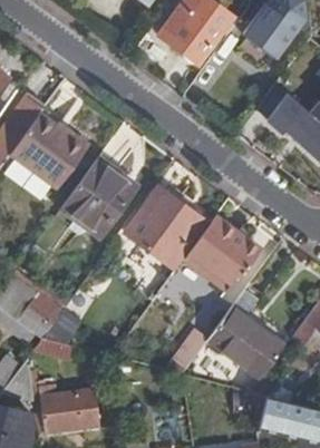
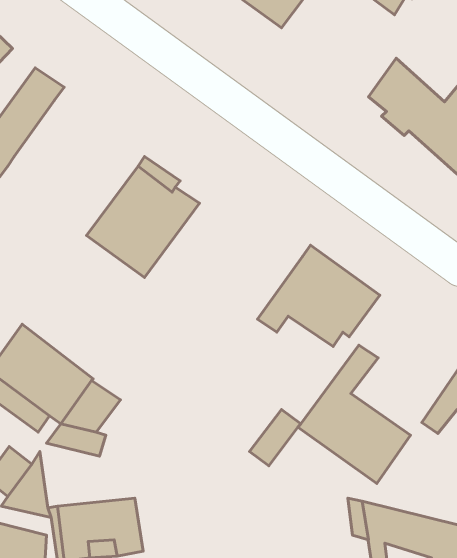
building: [10,114,86,187] -> none
building: [127,189,210,284] -> none

